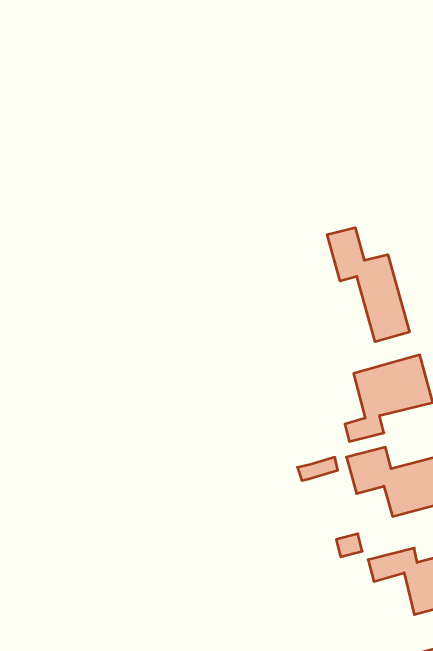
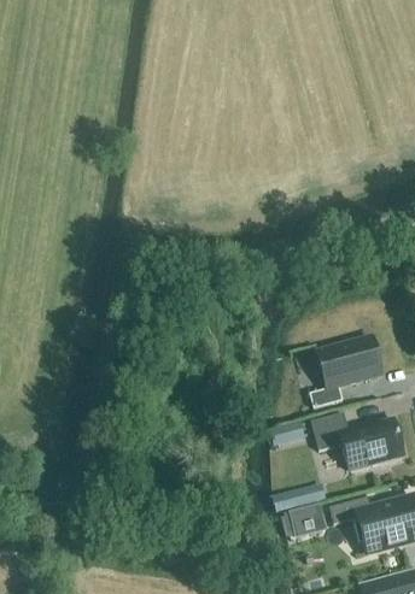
building: [327,228,409,342] -> none
building: none -> [290,502,326,536]

